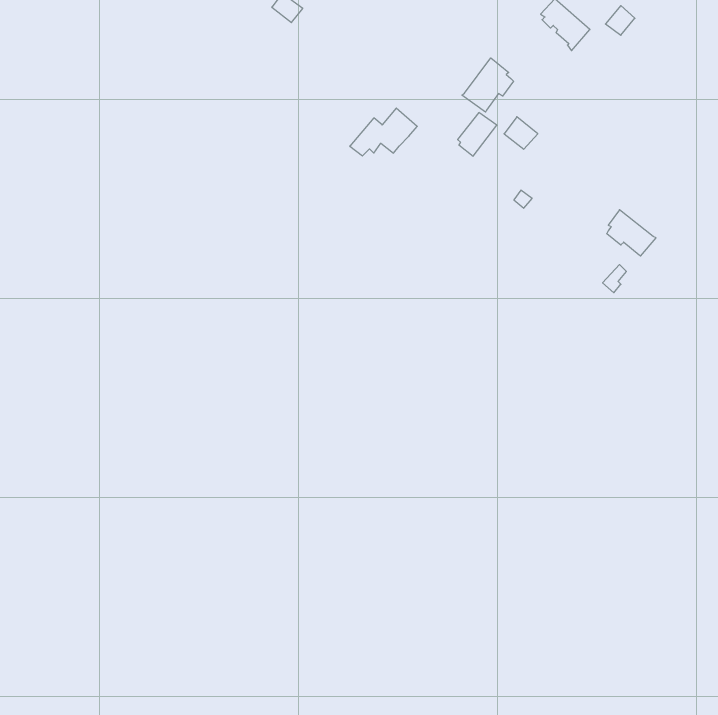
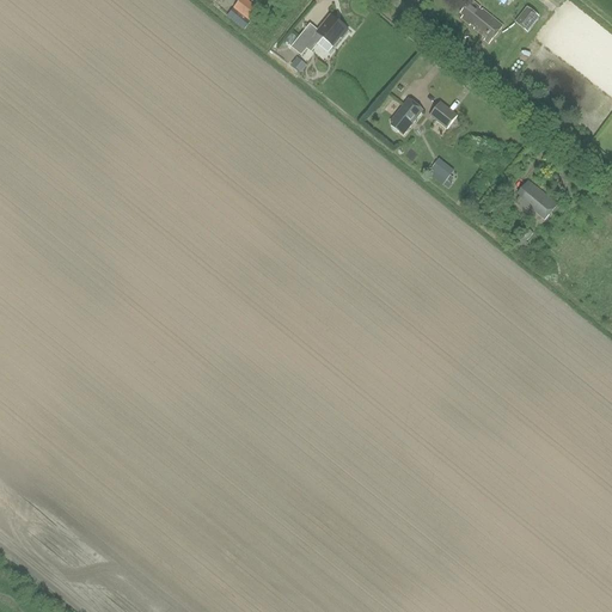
building: [462,58,514,112] -> none
building: [350,108,417,156] -> [289,12,347,53]

